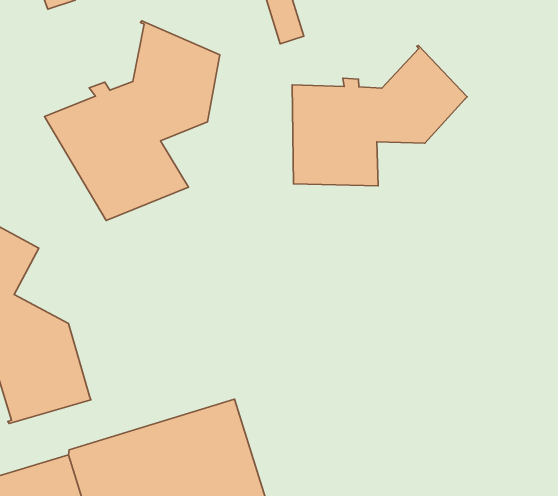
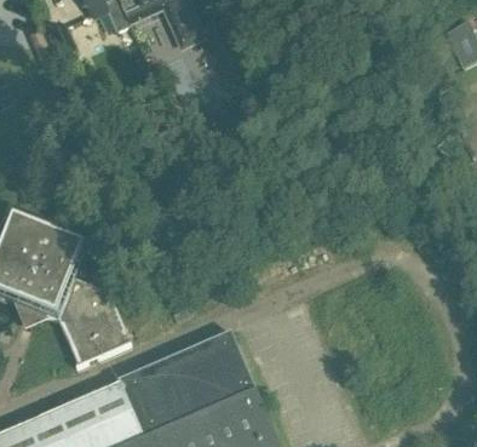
building: [44,21,220,221] -> none
building: [292,45,467,186] -> none

